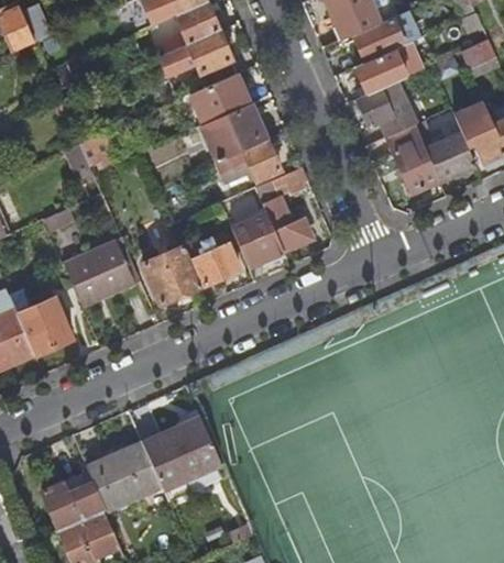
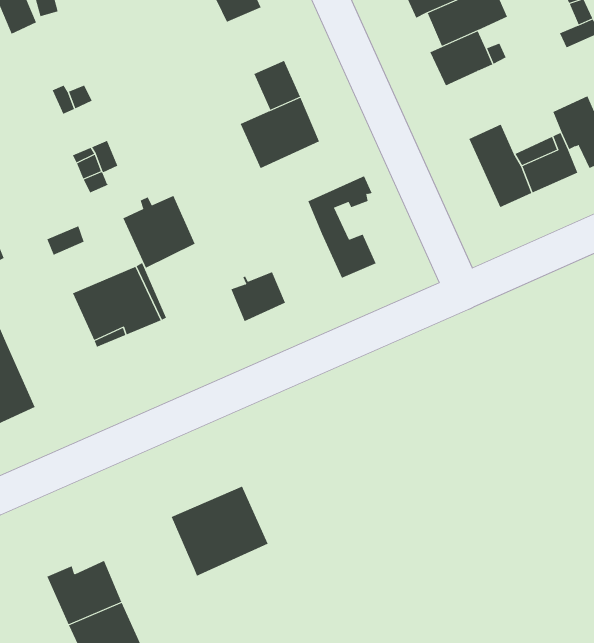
building: [160,30,235,86] -> none
building: [355,81,412,136] -> none
building: [210,139,278,185] -> none
building: [237,213,282,263] -> none
building: [142,245,201,305] -> [122,195,195,268]
building: [10,297,72,354] -> none
building: [87,443,162,511] -> none

